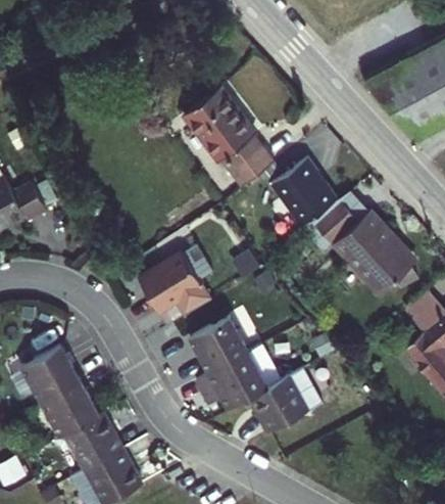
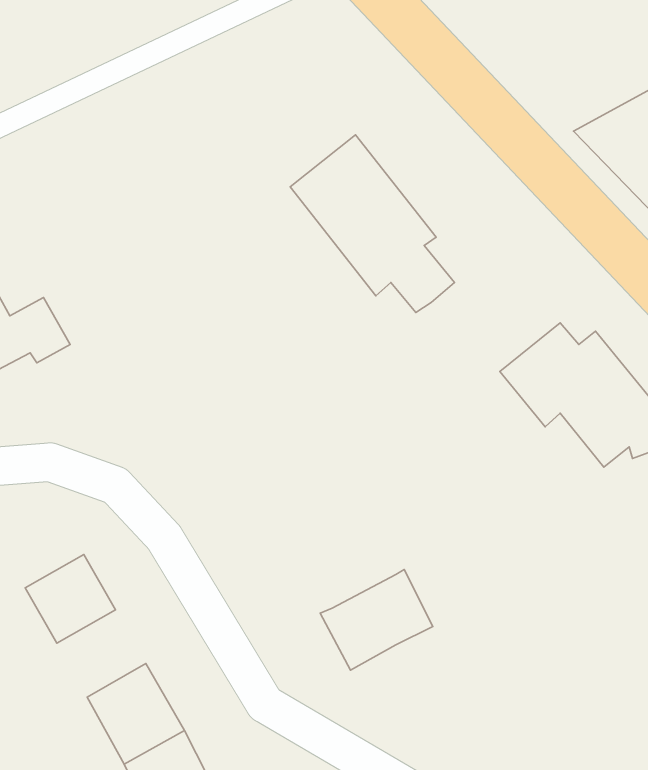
building: [270,158,338,226] -> none
building: [137,251,211,326] -> none
building: [190,316,249,373] -> none
building: [43,374,97,427] -> none
building: [249,374,308,430] -> none

